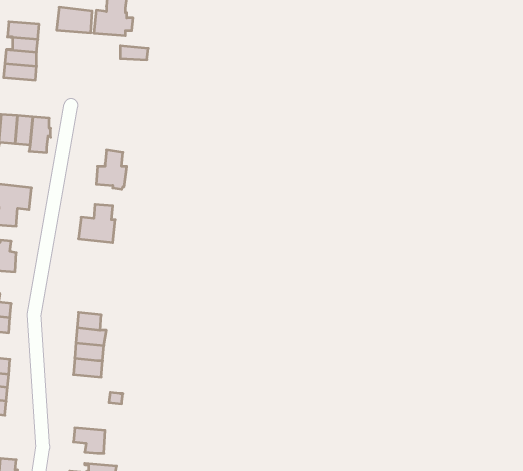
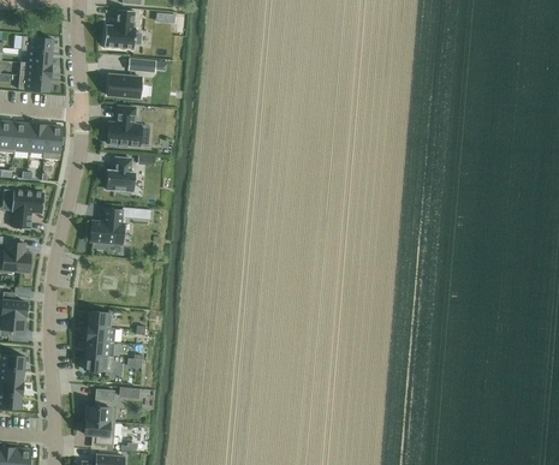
building: [57,7,92,33] -> [107,74,141,99]
building: none -> [107,107,142,148]
building: none -> [85,389,115,423]

